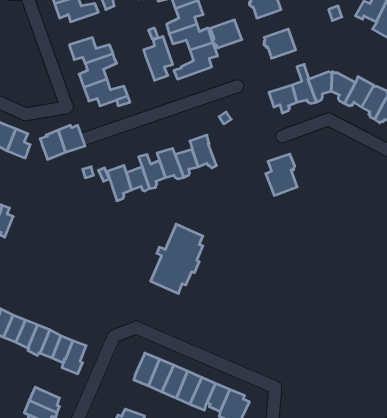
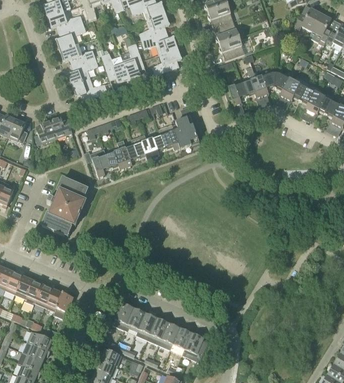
building: none -> [55,22,85,49]
building: [210,20,242,48] -> [213,20,239,43]
building: none -> [101,52,129,82]
building: [266,154,297,195] -> [173,114,199,148]
building: [151,224,203,293] -> [41,177,84,234]

